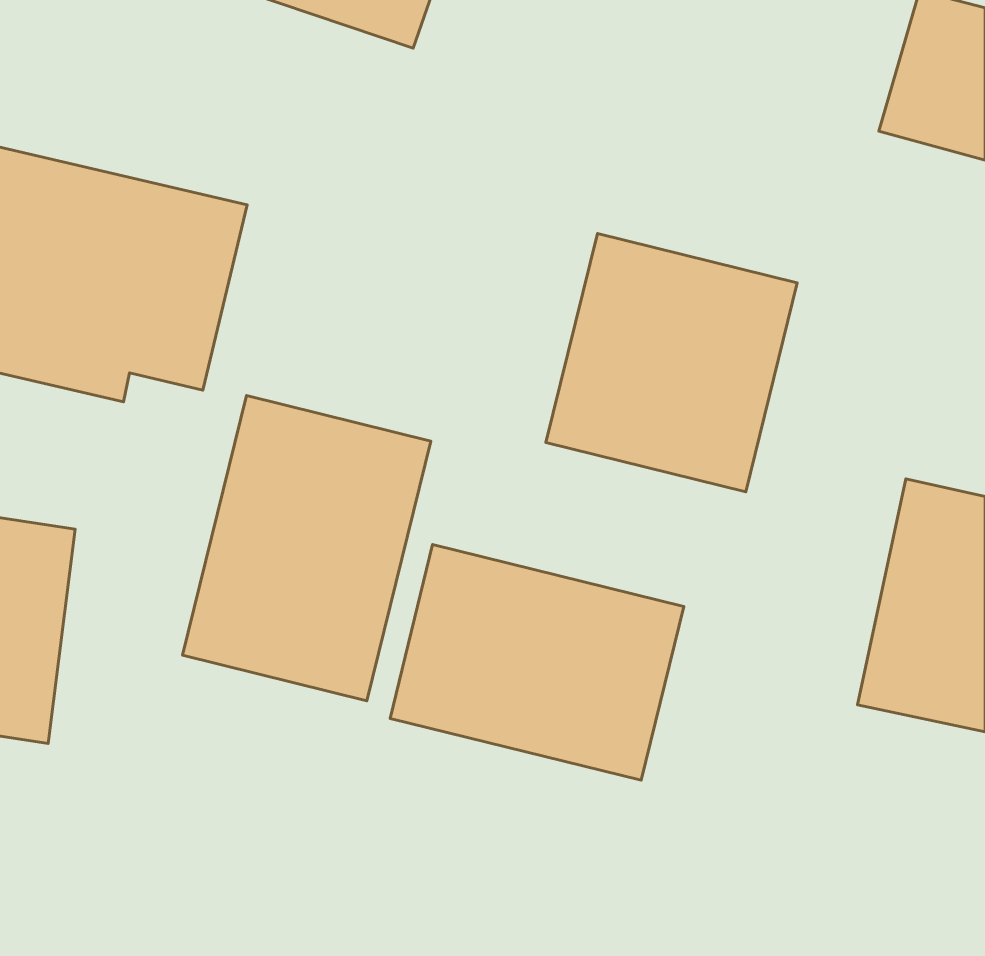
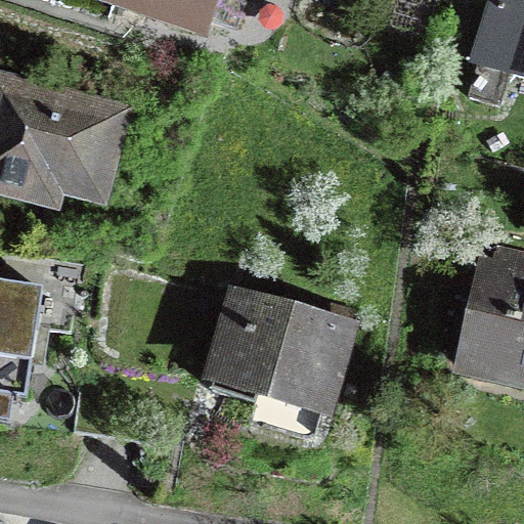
building: [546,233,797,492] -> none
building: [183,396,431,701] -> none

